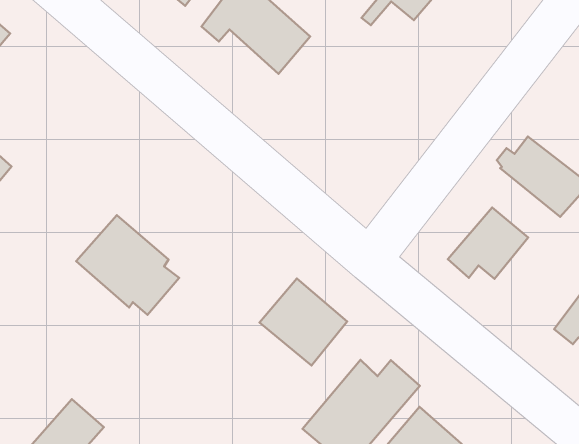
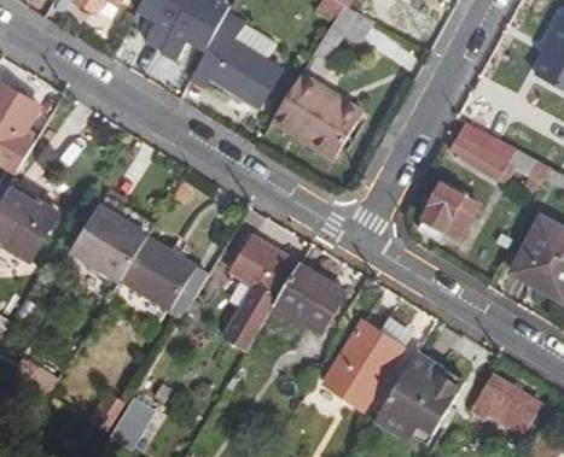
building: none -> [272,74,360,158]
building: none -> [71,194,155,280]
building: none -> [222,236,300,353]

